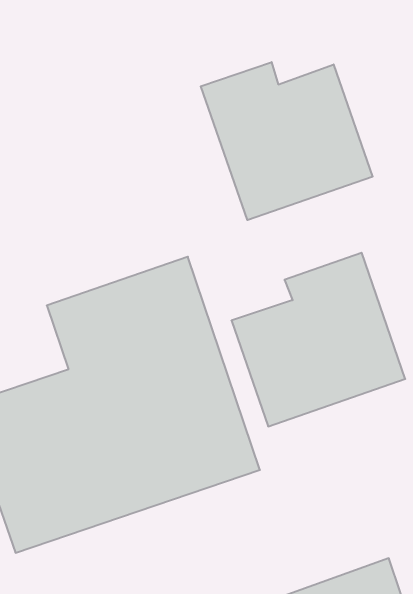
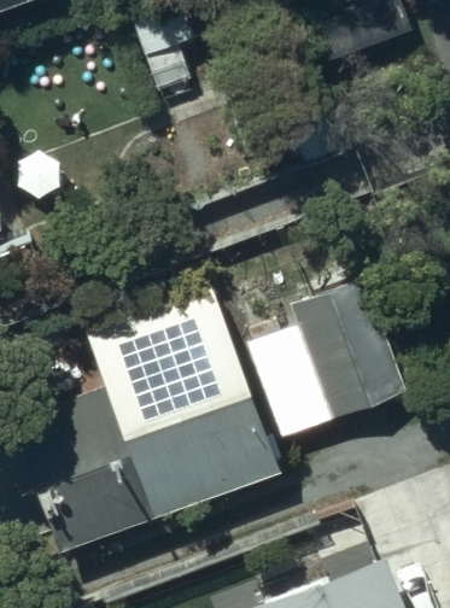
building: [201,62,373,220] -> none

